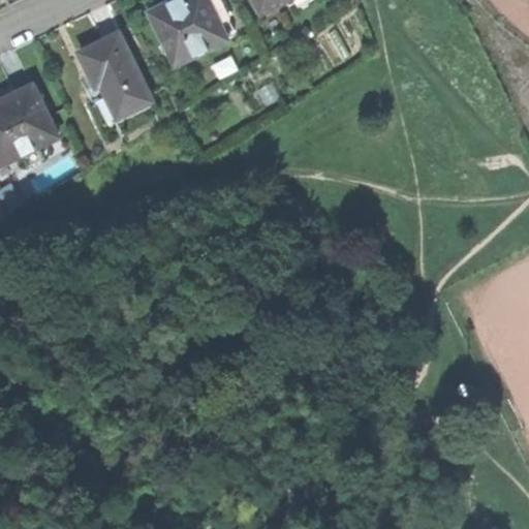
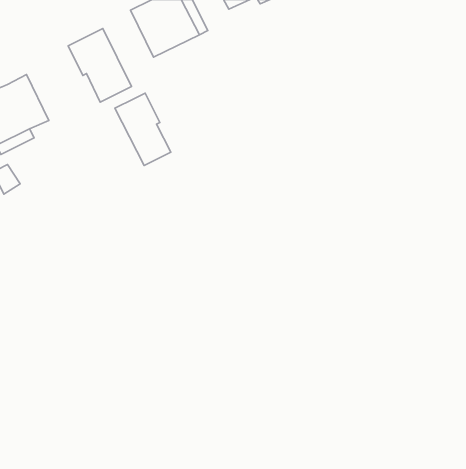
building: none -> [115,93,171,166]

